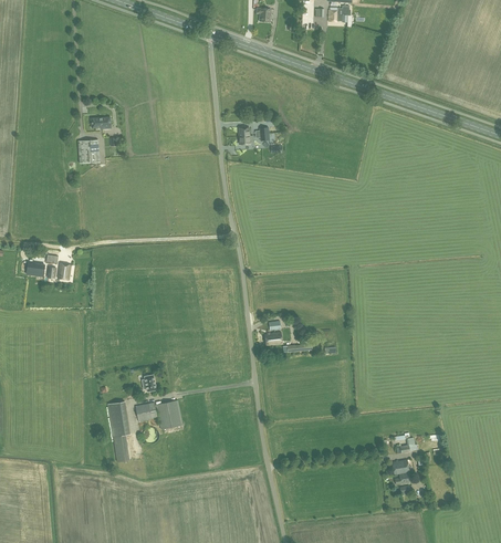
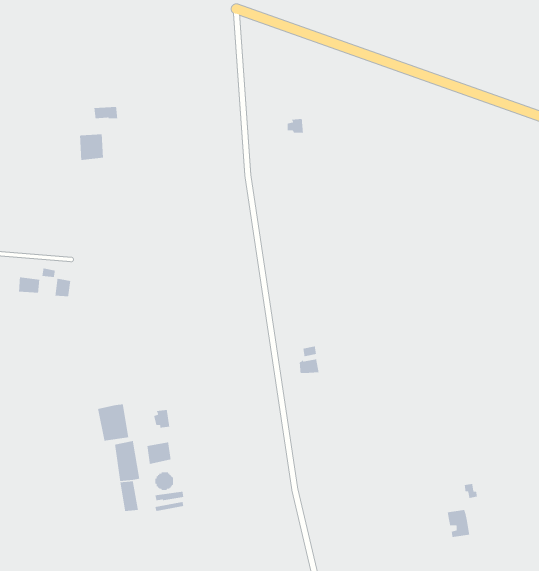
building: none -> [97,403,129,441]
building: [155,399,182,429] -> none

